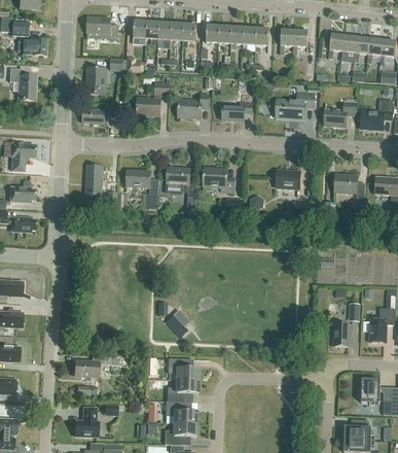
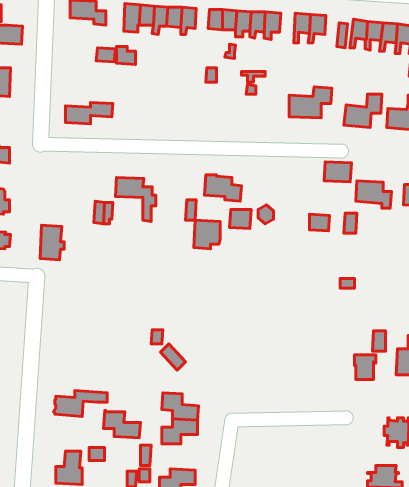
building: [86,67,107,94] -> none
building: [137,82,169,115] -> none
building: [178,93,210,117] -> none
building: [222,101,253,119] -> none
building: [85,165,106,195] -> [40,225,64,260]
building: [168,167,190,191] -> [194,220,220,249]
building: [277,170,300,187] -> [324,162,351,182]
building: [165,399,196,423] -> [104,410,140,438]

